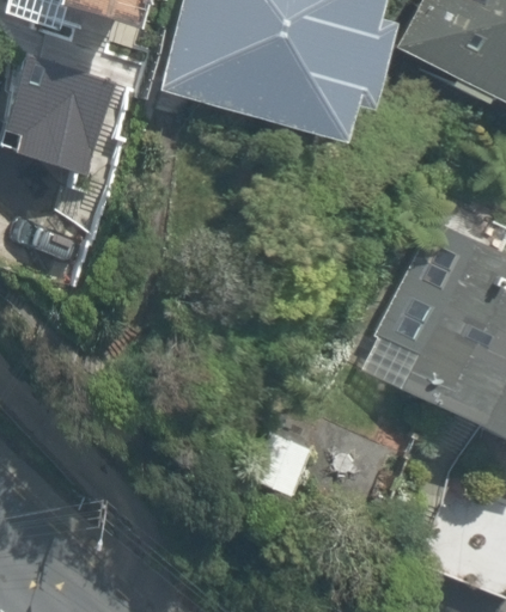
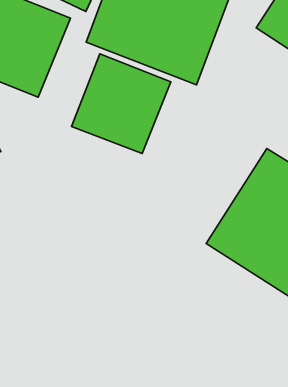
building: none -> [71,54,171,154]

